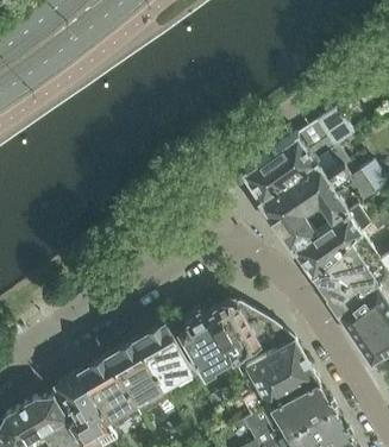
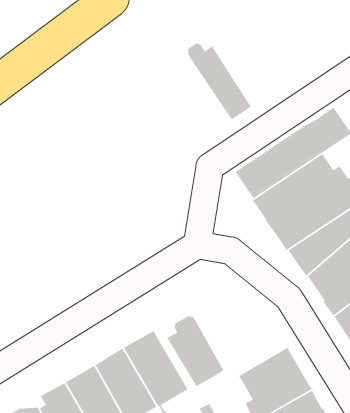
building: none -> [187,42,252,120]
building: [206,301,295,367] -> none

